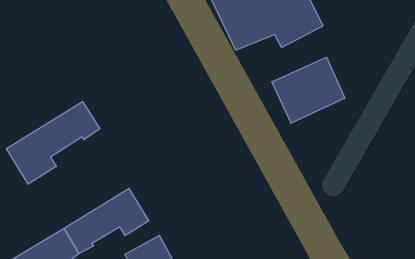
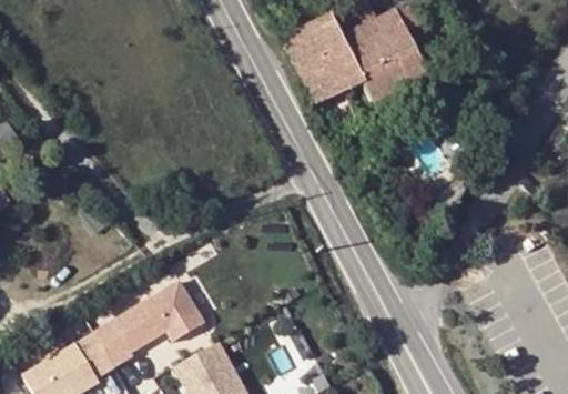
building: [272,57,345,123] -> none
building: [6,102,100,184] -> none

